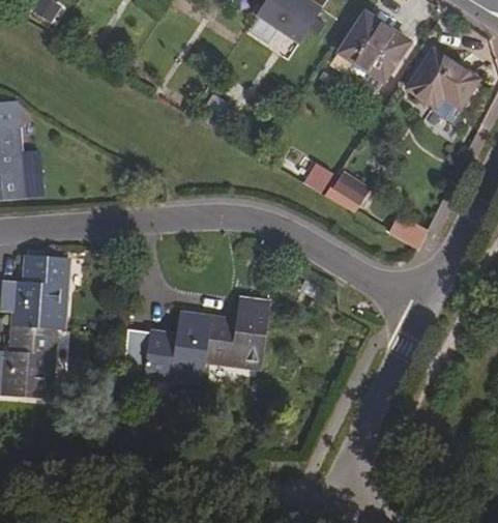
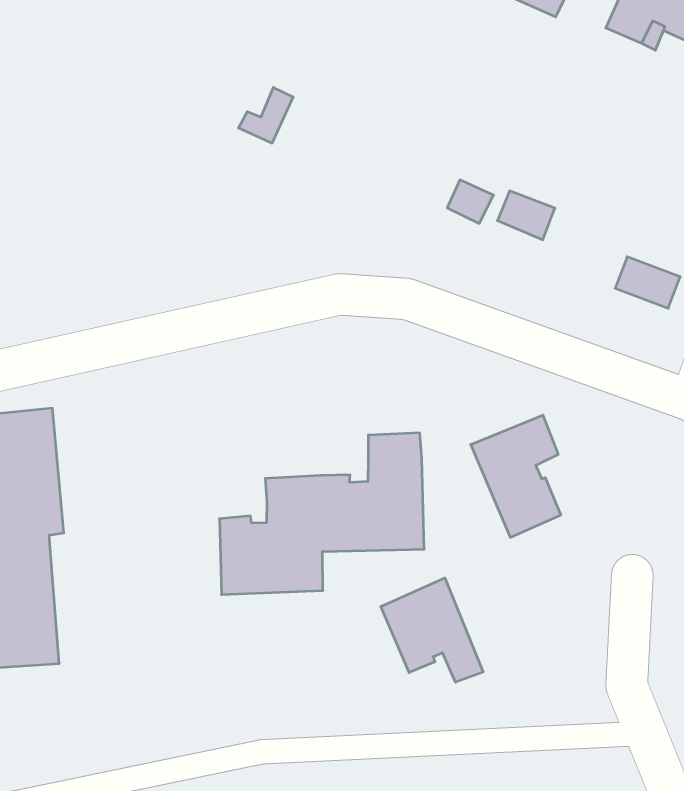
building: none -> [471,415,561,537]
building: none -> [381,578,483,682]

